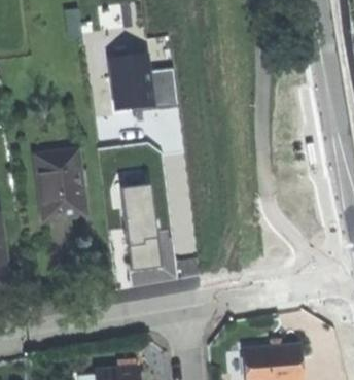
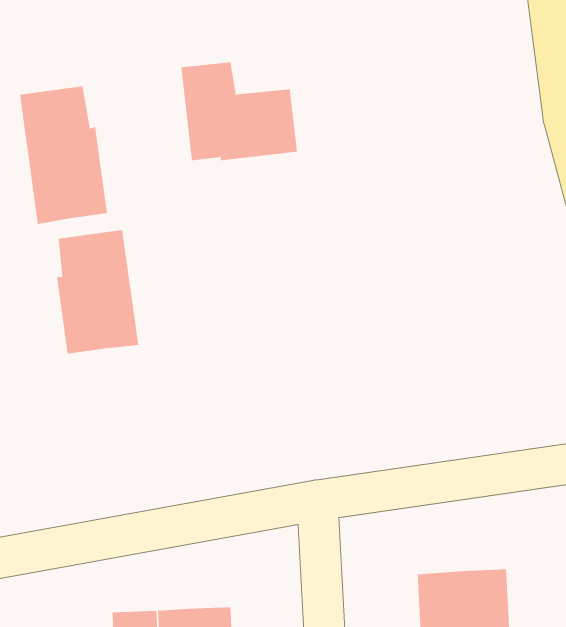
building: none -> [19,85,108,225]
building: [121,182,173,269] -> none

